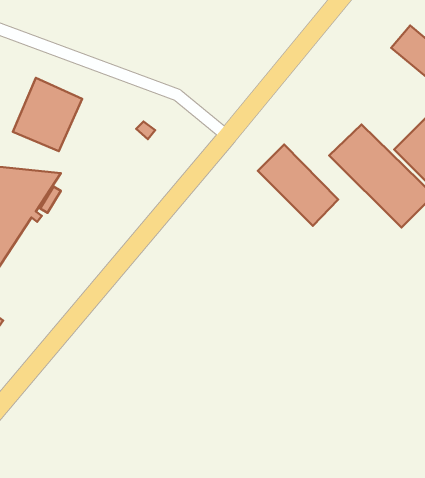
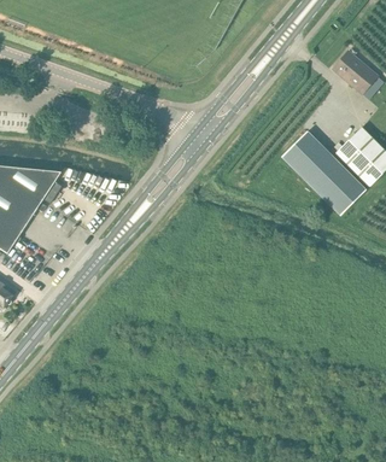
building: [13,78,82,151] -> none
building: [258,144,338,226] -> none

